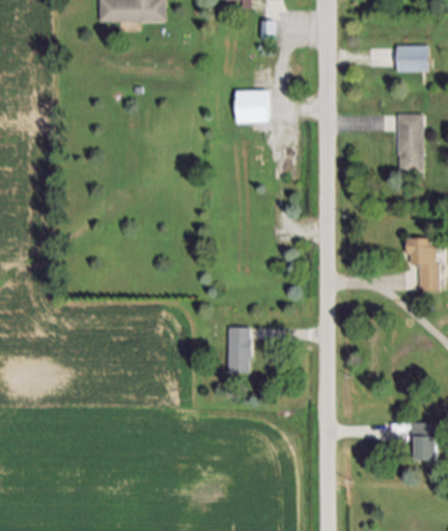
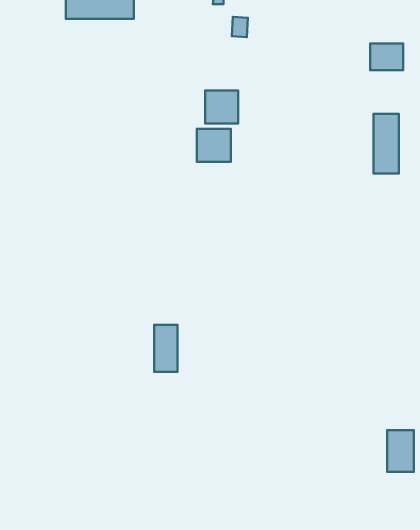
building: none -> [197,129,231,162]
building: [403,239,439,291] -> none
building: [227,328,250,373] -> [154,325,178,372]

